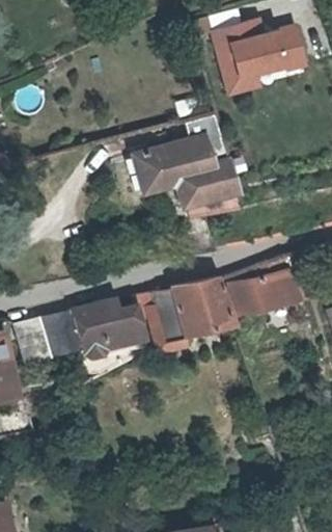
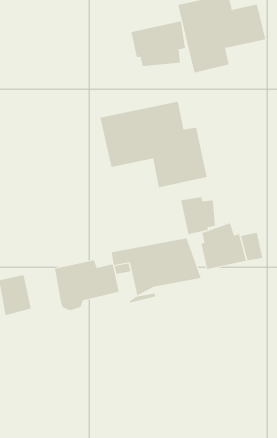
building: none -> [131,21,186,67]
building: none -> [180,196,215,235]
building: [45,313,83,356] -> none

